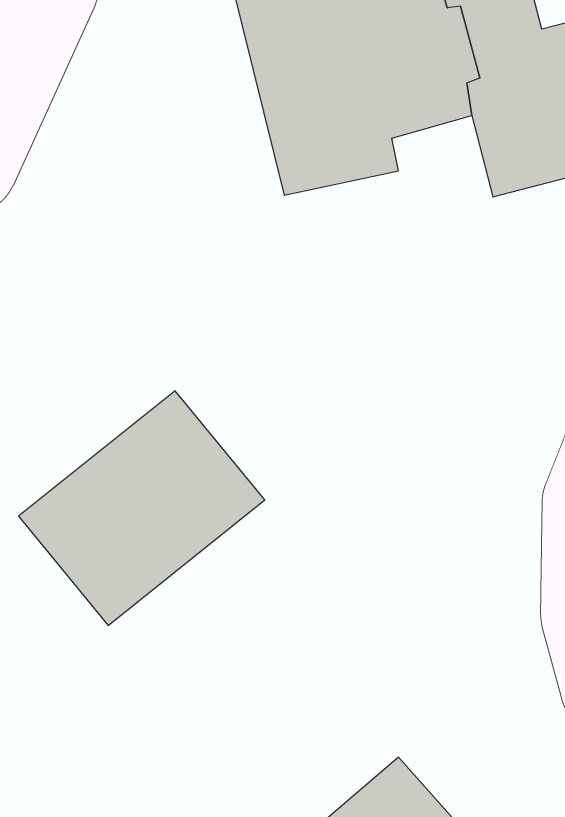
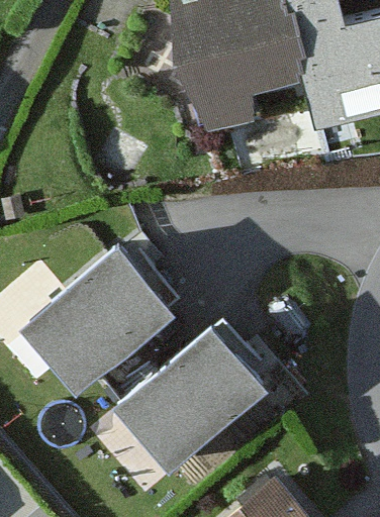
building: none -> [101,323,271,482]

